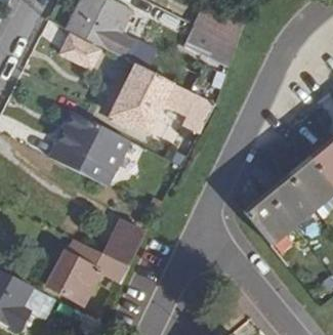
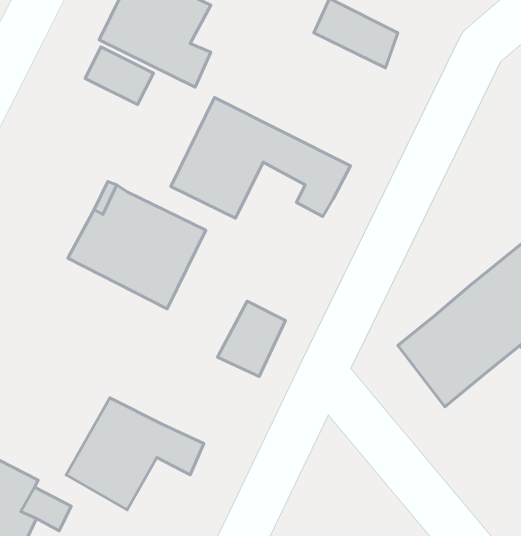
building: [184,25,236,65] -> none
building: [105,221,144,265] -> [217,301,285,376]

